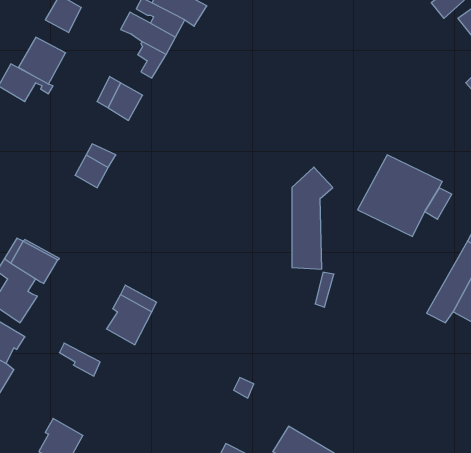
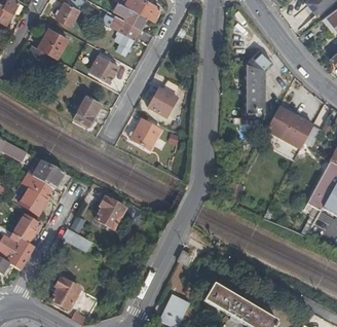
building: none -> [148,81,182,118]
building: [292,167,333,269] -> [245,50,271,117]
building: none -> [129,120,160,150]

